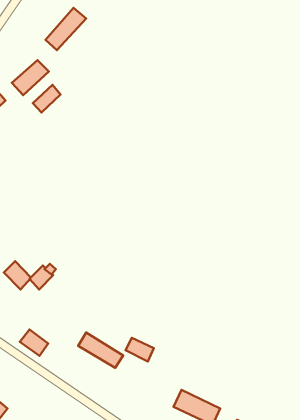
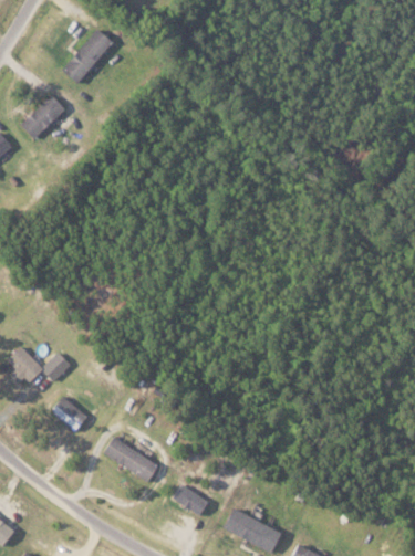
building: [33,85,60,113] -> none
building: [20,329,48,356] -> [53,399,89,432]
building: [126,338,154,362] -> [173,485,208,515]

